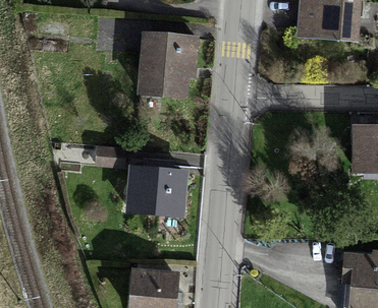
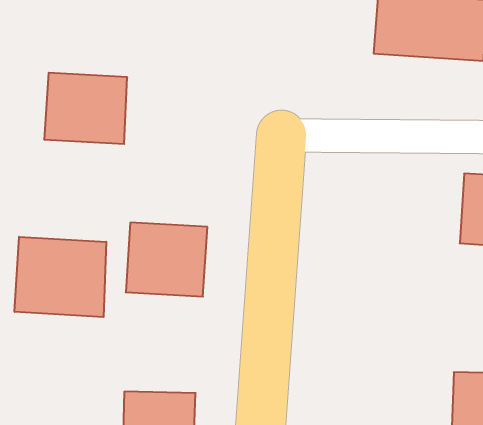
building: [138,42,195,90] -> [44,73,127,144]
building: none -> [15,237,106,317]

